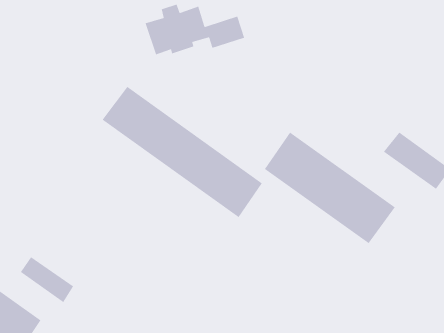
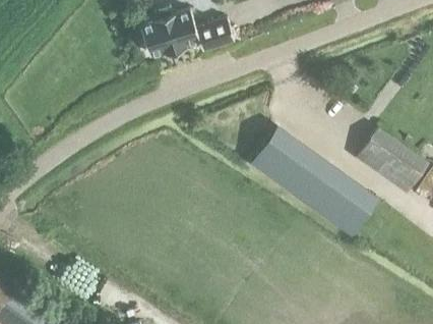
building: [102,86,263,218] -> none
building: [20,256,74,303] -> none

